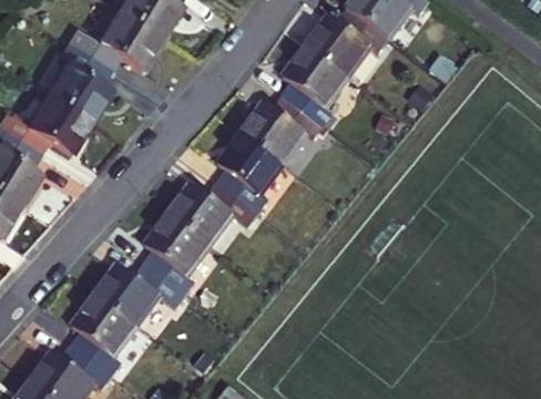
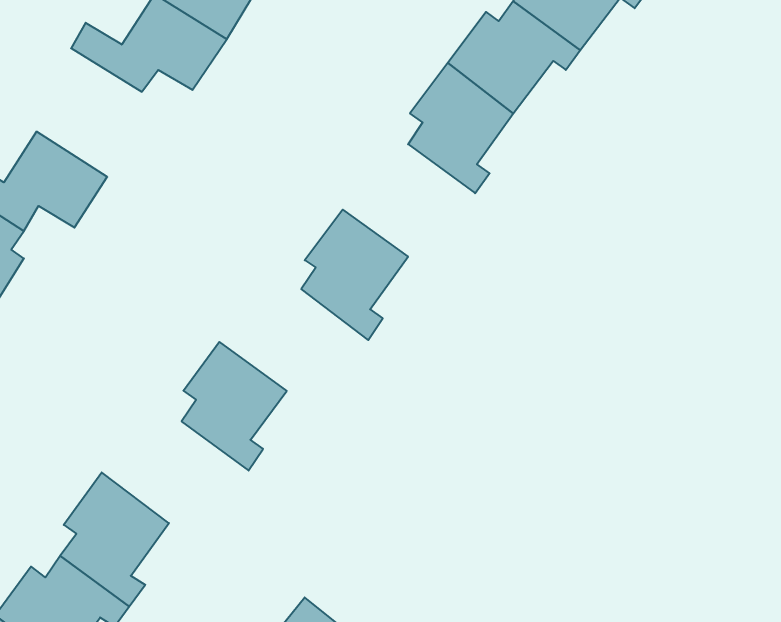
building: [52,38,116,116] -> none
building: [239,96,320,165] -> none
building: [164,185,255,247] -> none
building: [92,266,182,328] -> none

